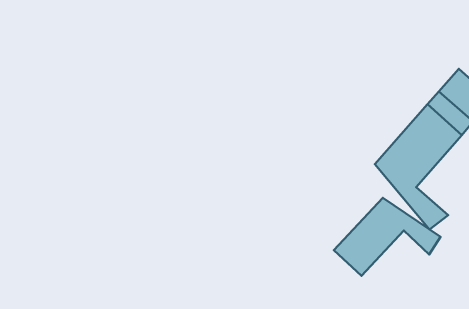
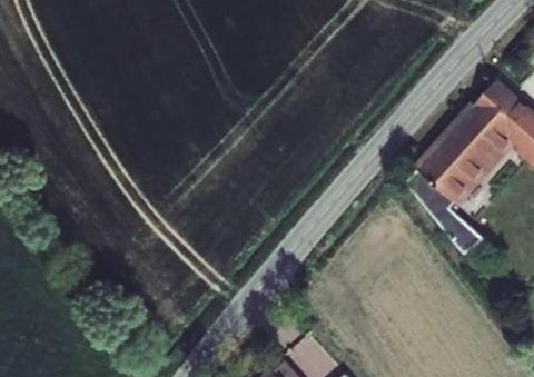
building: [334,198,441,276] -> none

